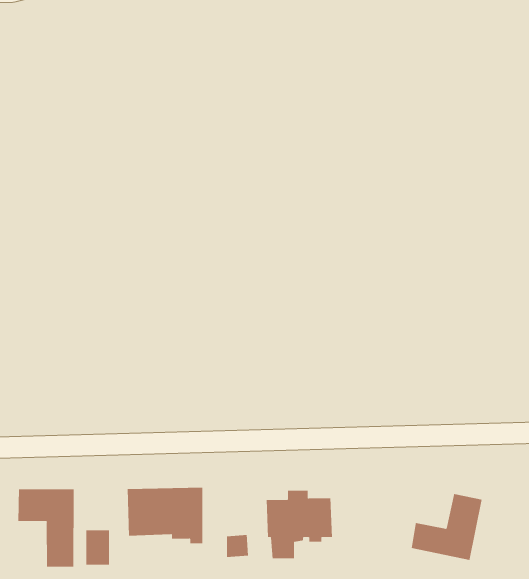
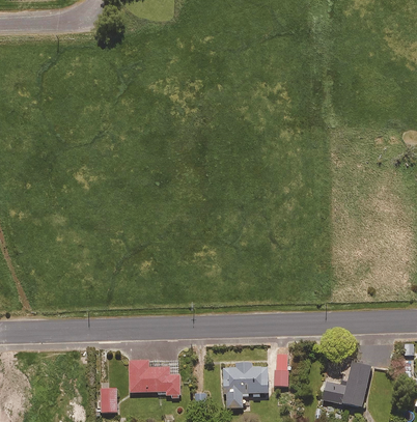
building: none -> [274,354,288,386]
building: [18,488,74,567] -> none

